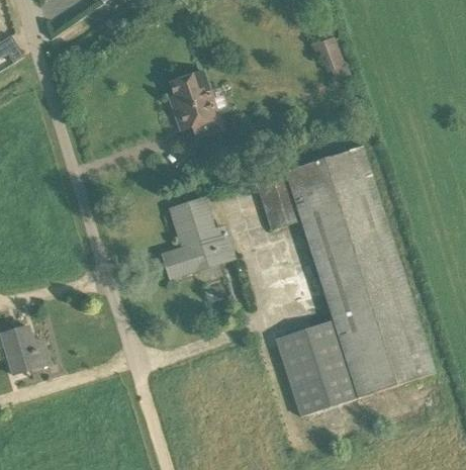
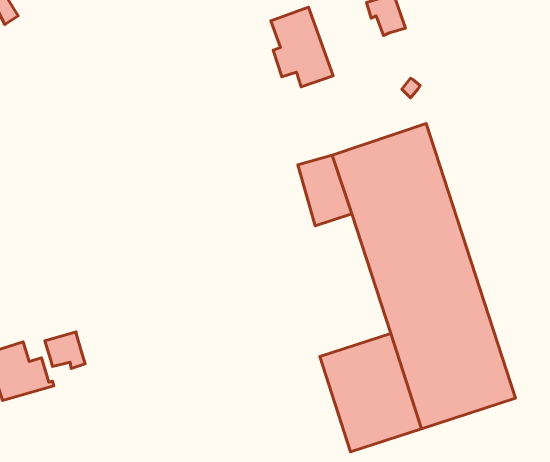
building: [170,71,221,136] -> [271,7,333,87]
building: [162,198,235,275] -> none
building: none -> [45,332,85,368]

